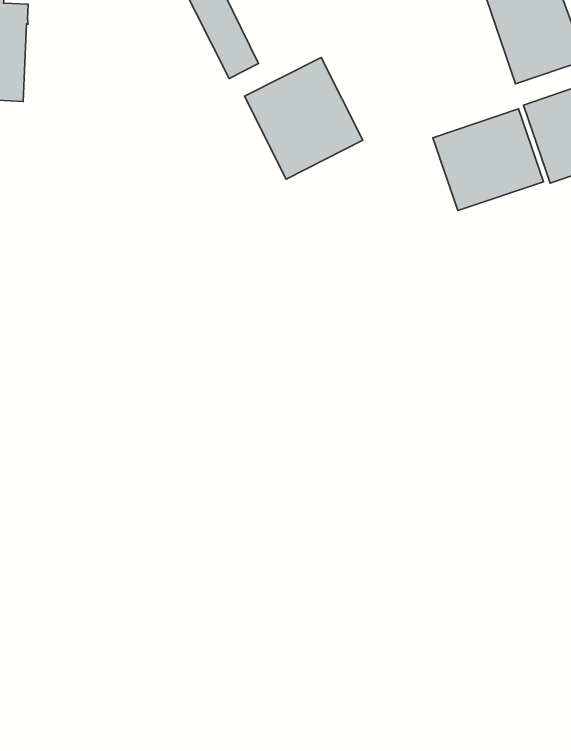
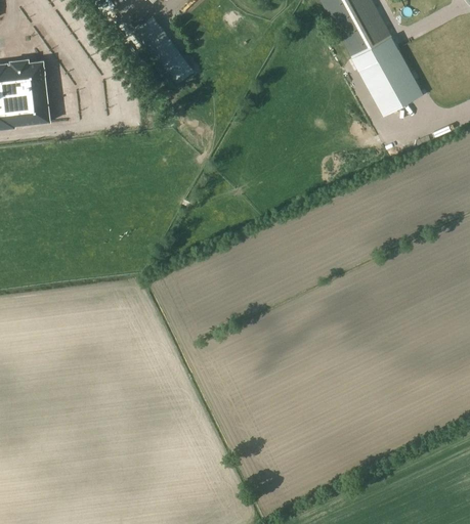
building: [245,57,363,179] -> none
building: [433,109,543,211] -> none

